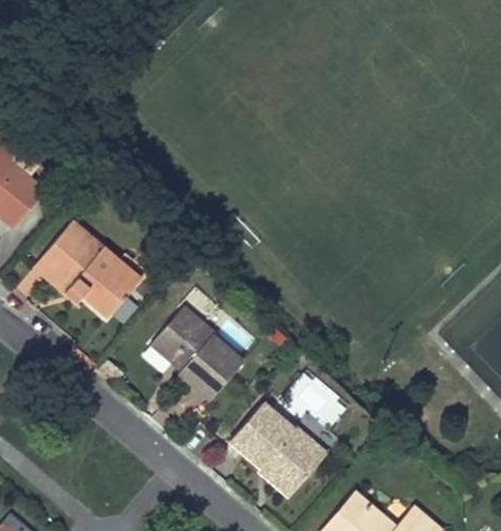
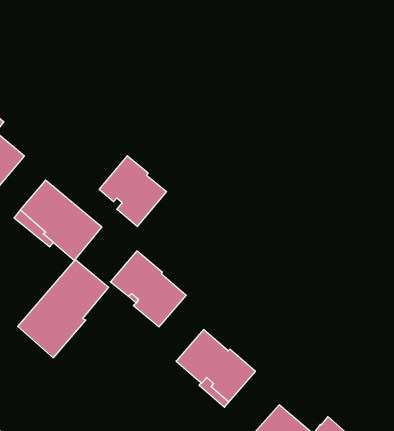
building: none -> [99,156,166,227]
building: none -> [18,259,109,358]

